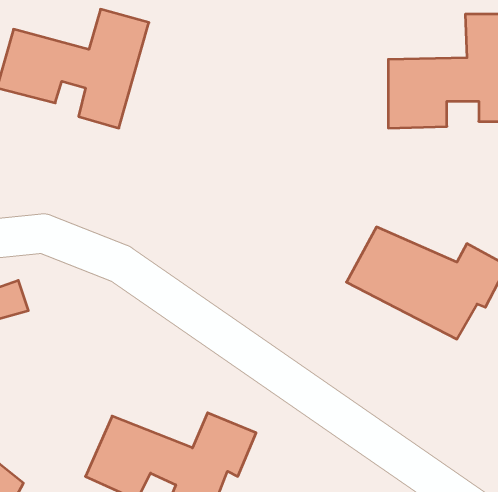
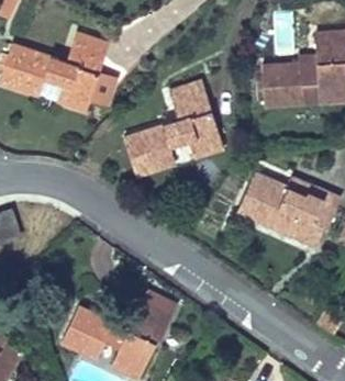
building: none -> [124,79,225,173]

